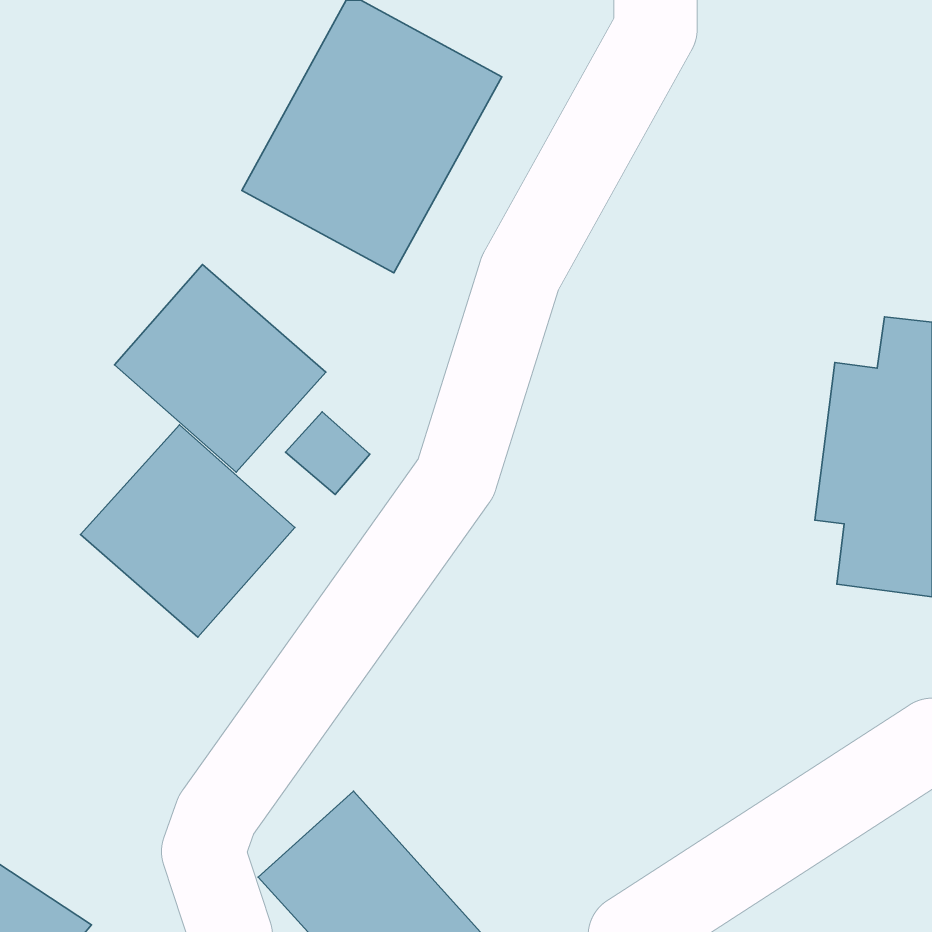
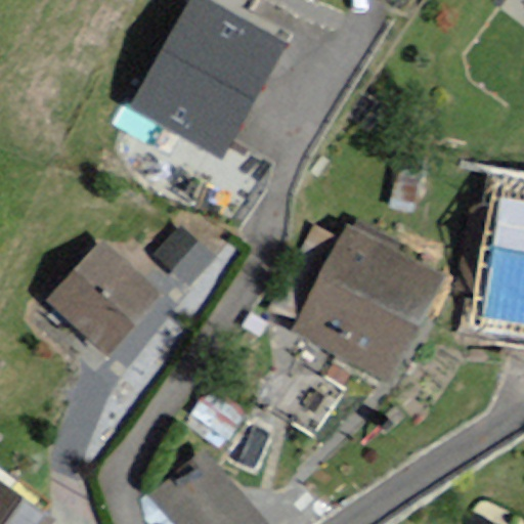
building: [115,264,326,472] -> none
building: none -> [293,225,445,380]

